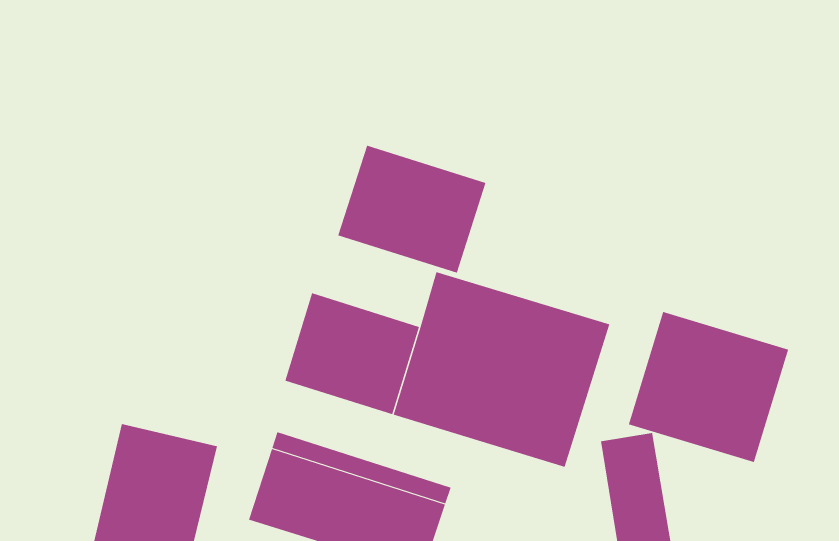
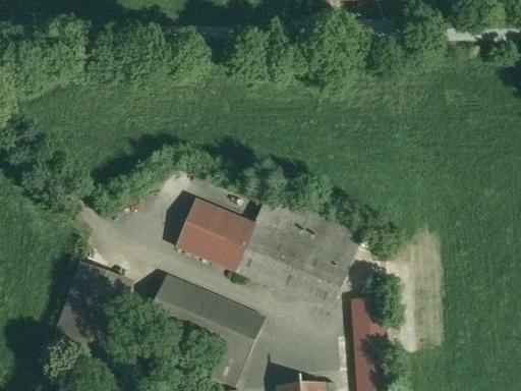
building: [338,145,486,273] -> none
building: [628,311,789,463] -> none

